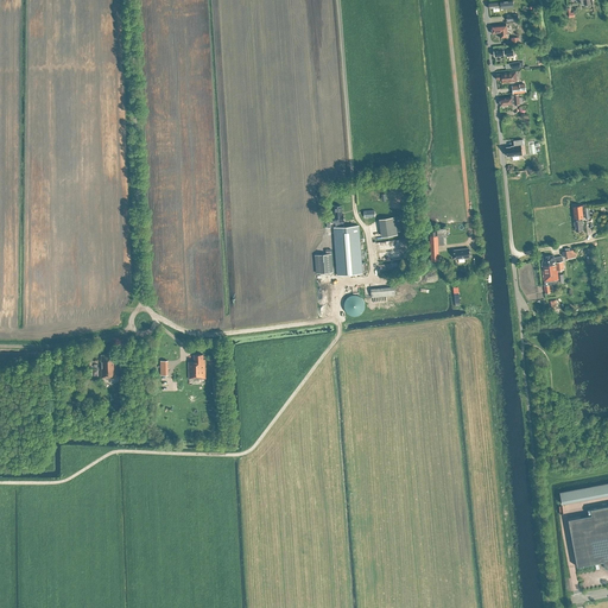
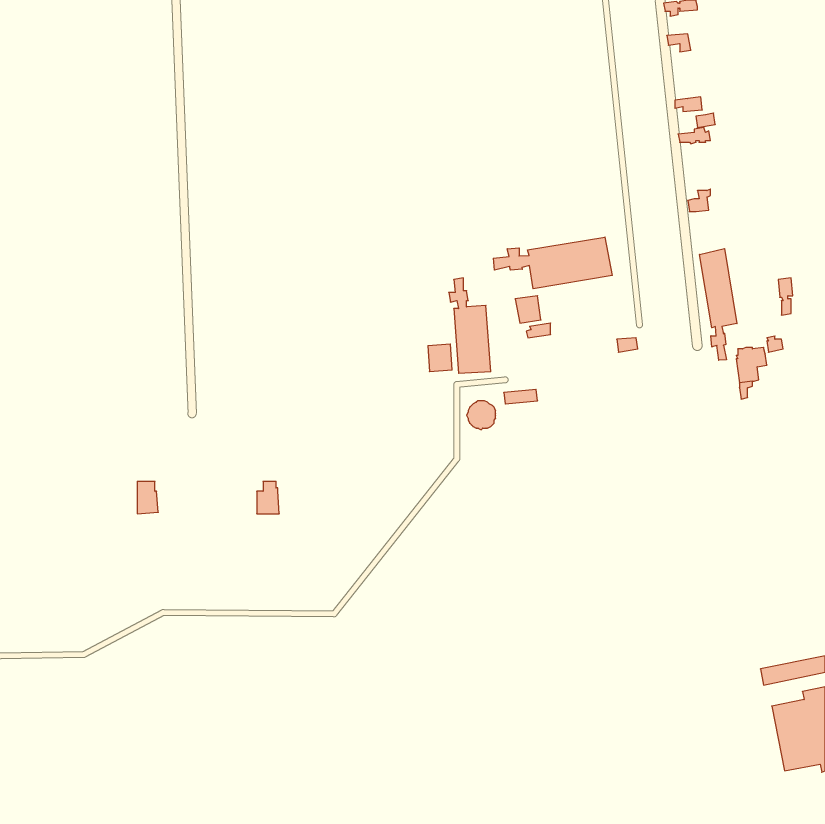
building: none -> [493,237,612,289]
building: none -> [700,249,737,360]

